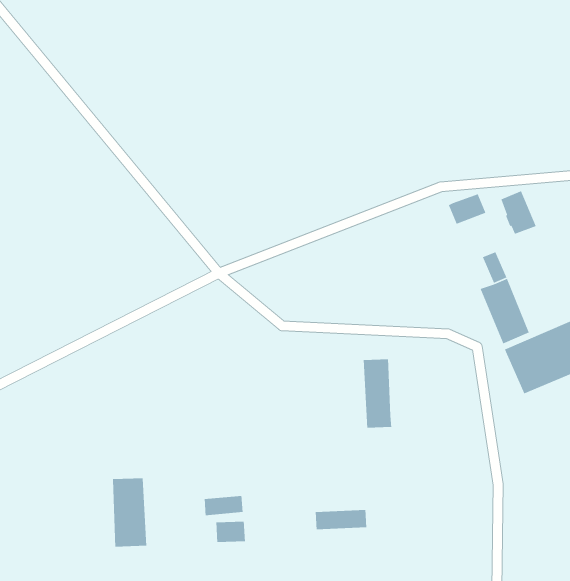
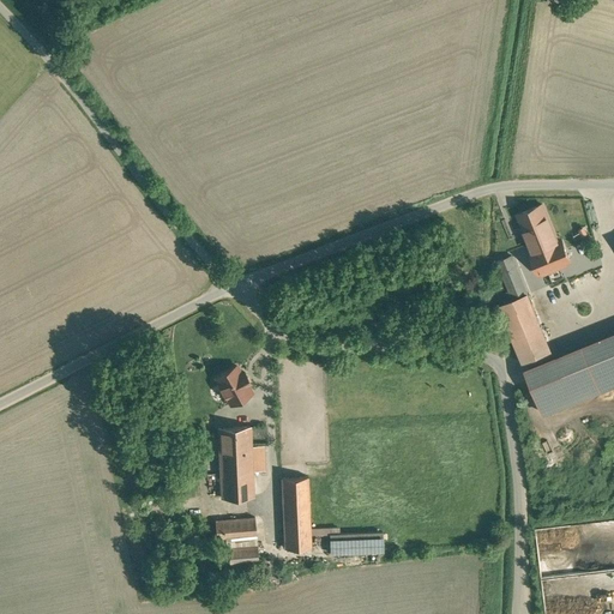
building: [448,193,486,225] -> [530,243,570,276]
building: none -> [216,369,252,407]
building: [363,358,392,429] -> [282,480,312,552]
building: [112,477,147,547] -> [218,429,254,501]

